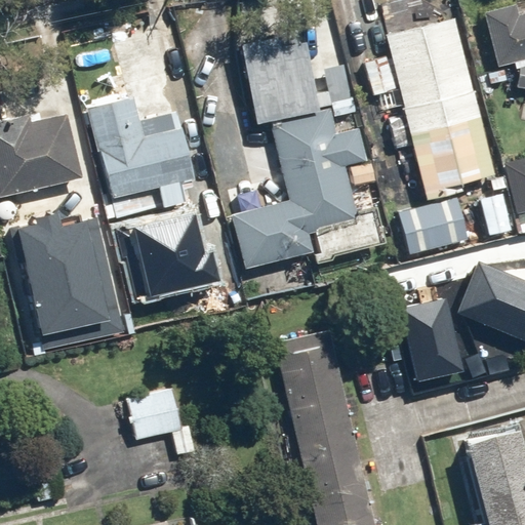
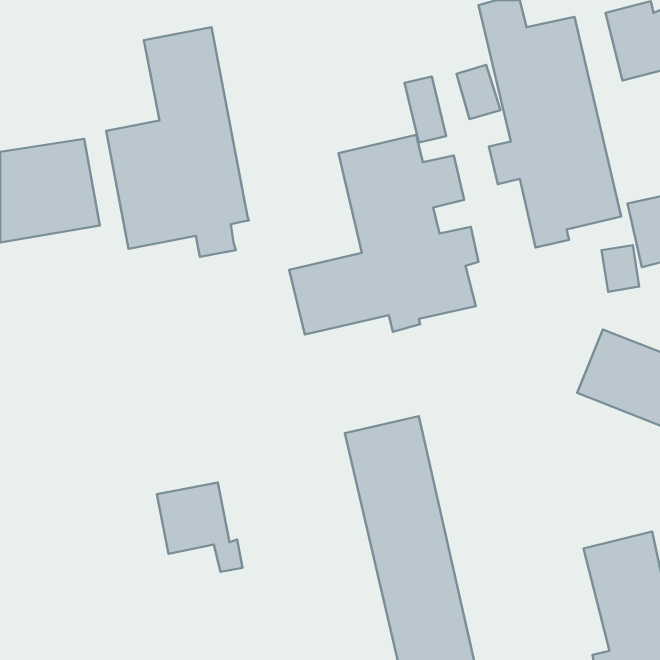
building: [239,30,320,122] -> none
building: [397,203,466,253] -> none
building: [123,218,218,297] -> none
building: [23,226,129,345] -> none
building: [404,302,465,383] -> none

